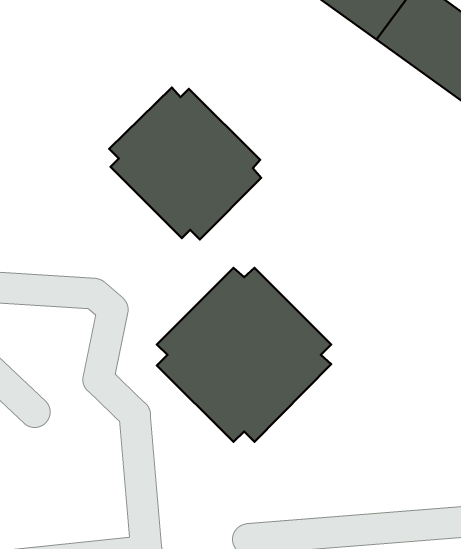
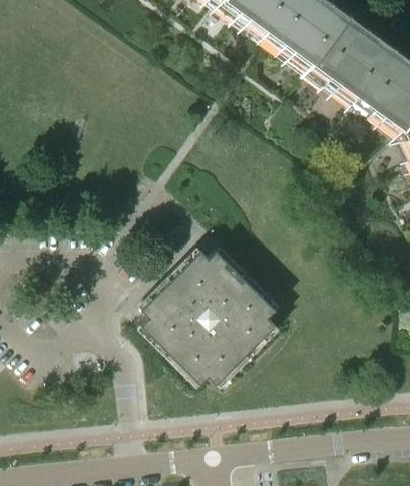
building: [109,87,261,239] -> none

